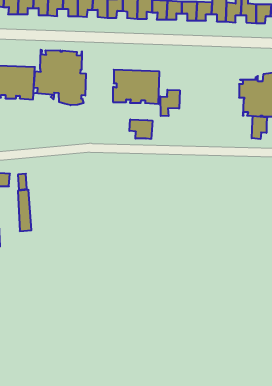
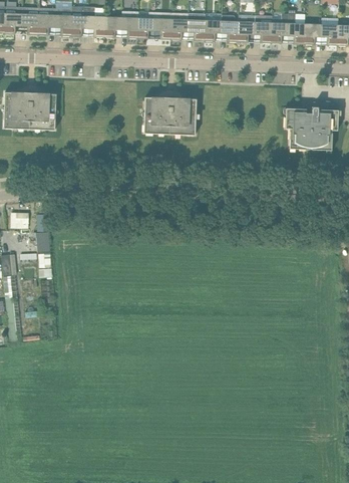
building: [34,50,86,105] -> none
building: [160,90,180,116] -> none
building: [252,116,267,139] -> none
building: [129,119,152,139] -> none

